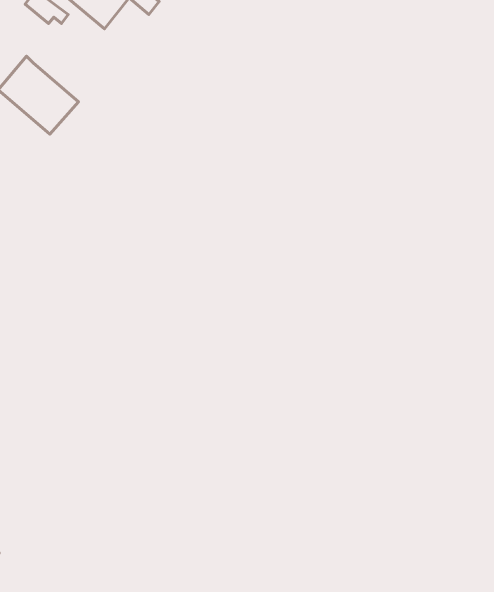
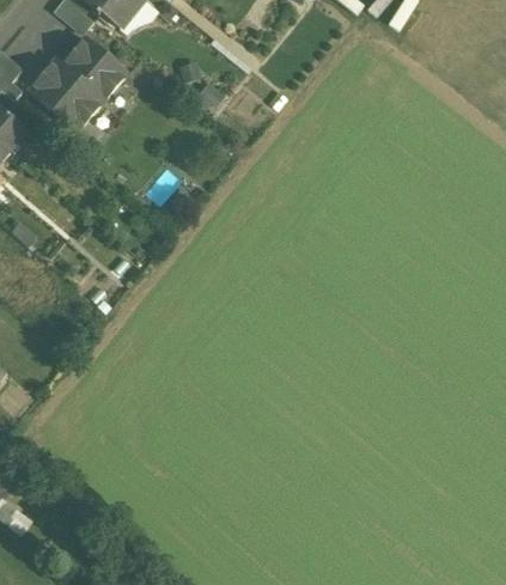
building: none -> [60,37,124,99]

